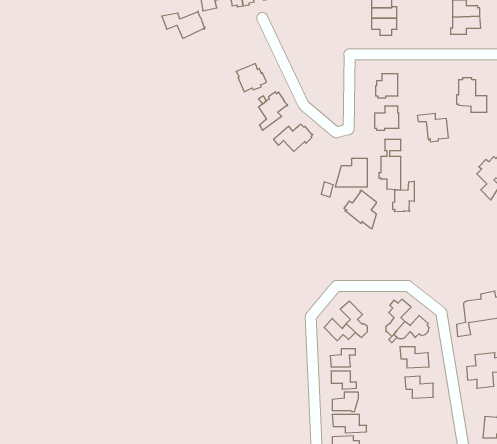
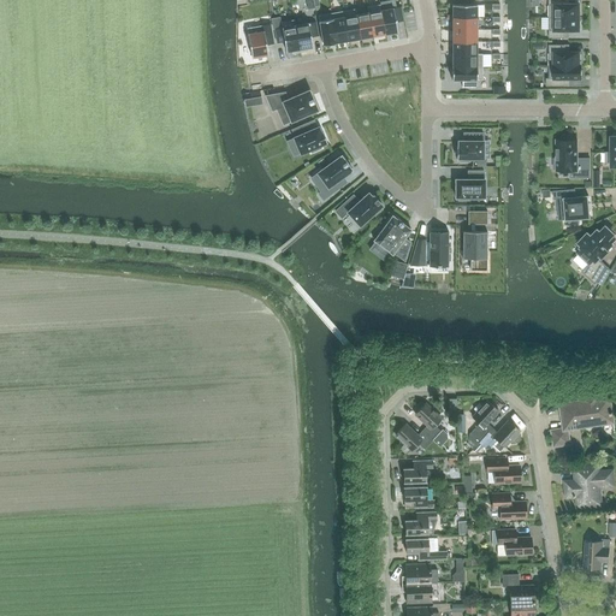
building: [162,11,205,38] -> [266,89,318,122]
building: [417,113,449,142] -> [553,189,591,223]
building: [393,181,414,212] -> none
building: [344,190,376,228] -> [372,214,410,260]
building: none -> [498,529,532,555]

